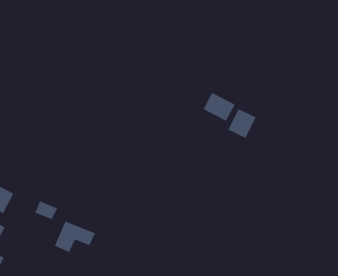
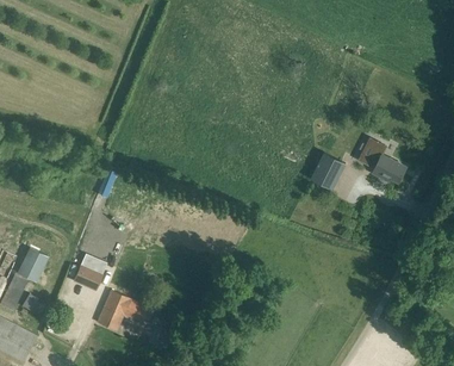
building: [203,92,235,121] -> none
building: none -> [368,142,408,182]

